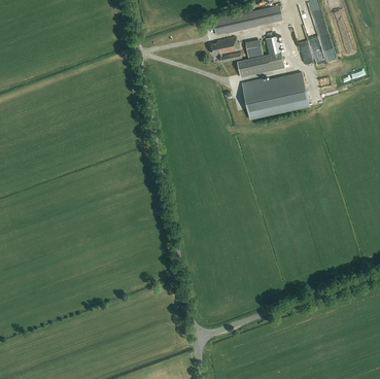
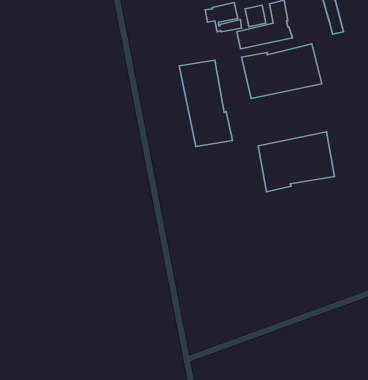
building: none -> [179,60,233,147]
building: none -> [258,132,334,192]

